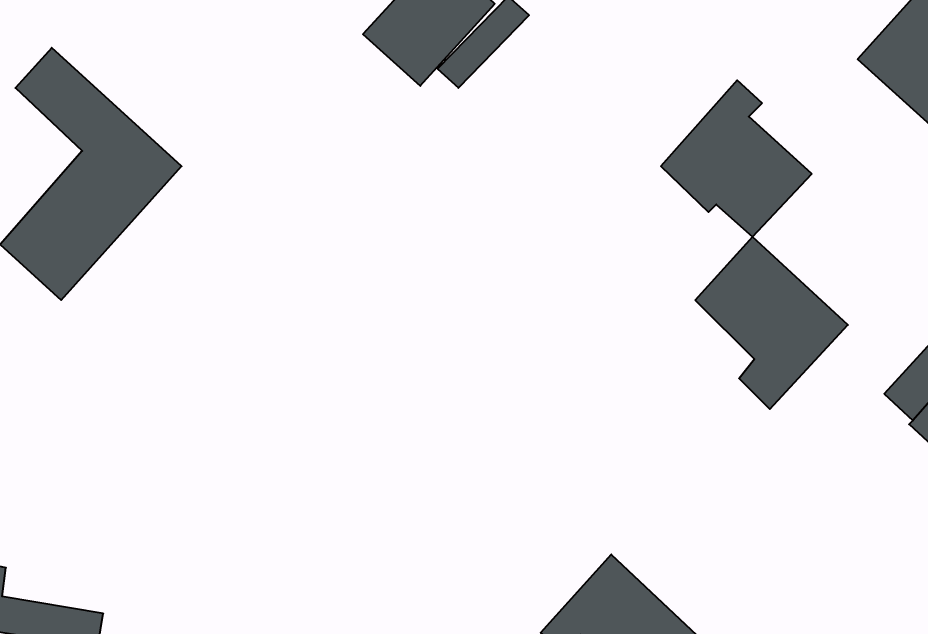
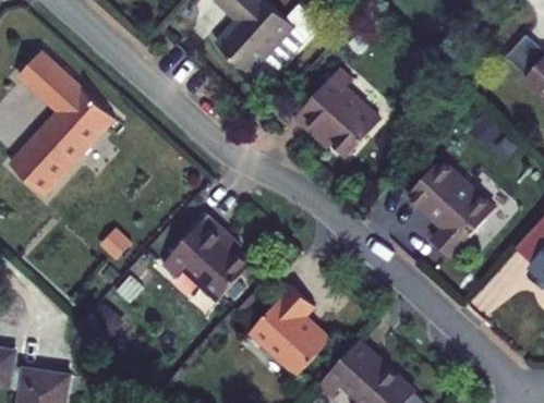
building: [661,80,812,237] -> [294,68,380,157]
building: none -> [161,216,250,301]
building: none -> [250,285,329,375]

